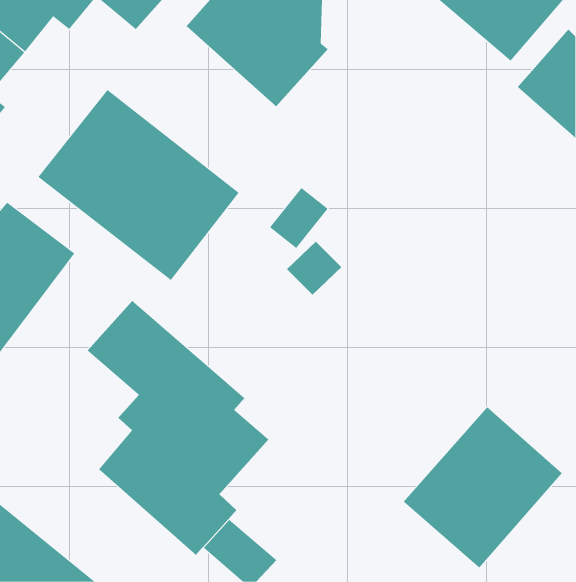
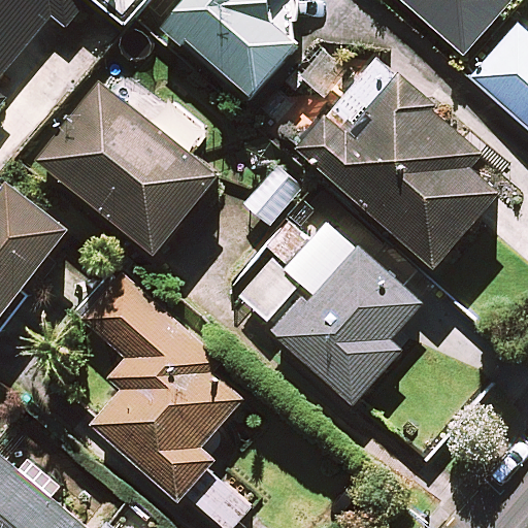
building: none -> [297,60,497,268]
building: none -> [266,240,416,405]
building: [403,407,563,568] -> none

